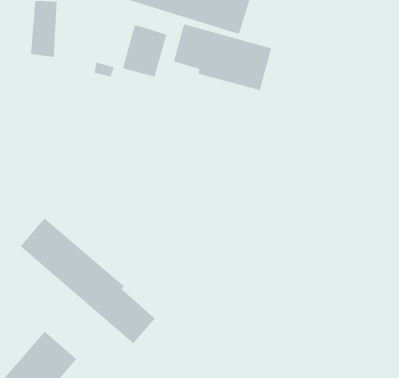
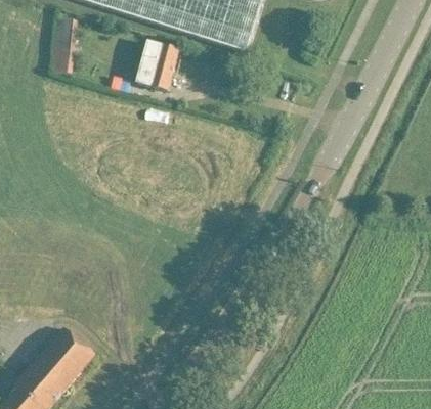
building: [173,24,272,91] -> none
building: [20,218,156,344] -> none

